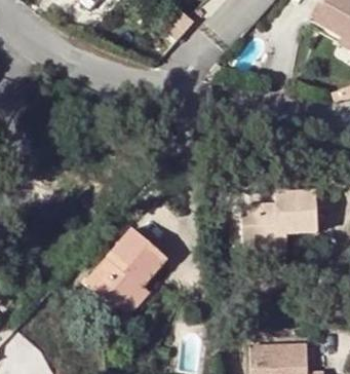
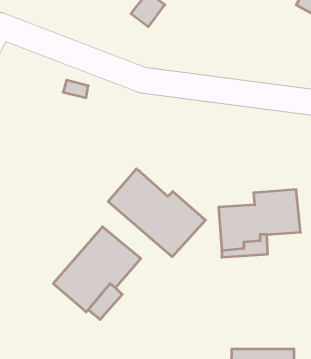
building: none -> [108,169,206,257]

